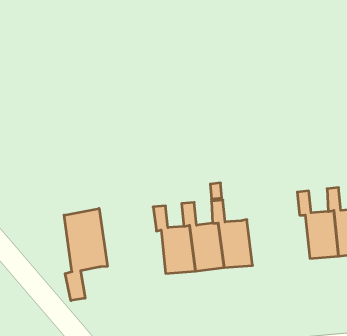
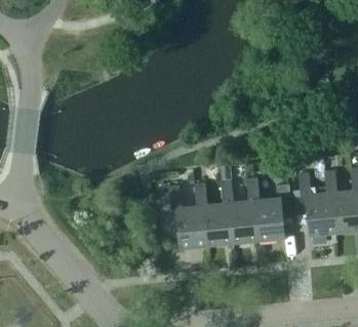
building: none -> [245,178,291,240]
building: [64,208,107,301] -> none

